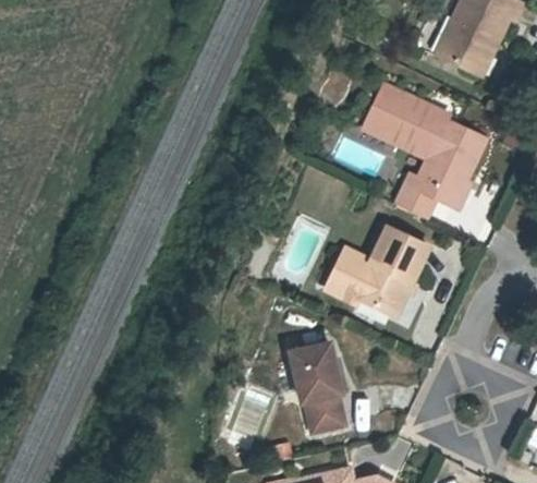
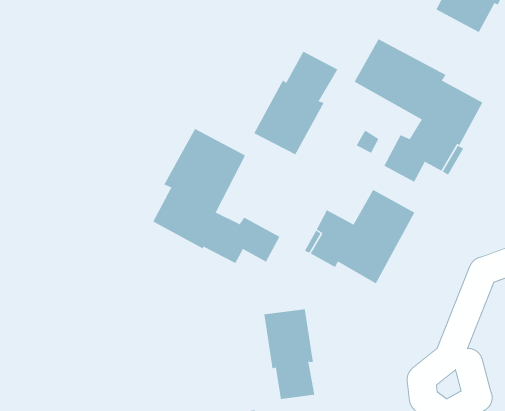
building: none -> [254,51,338,155]
building: none -> [152,128,280,264]

